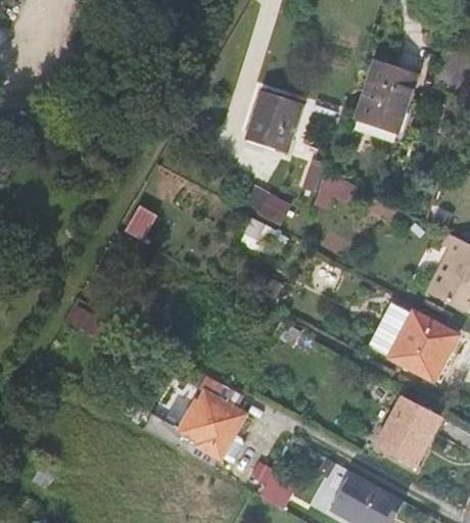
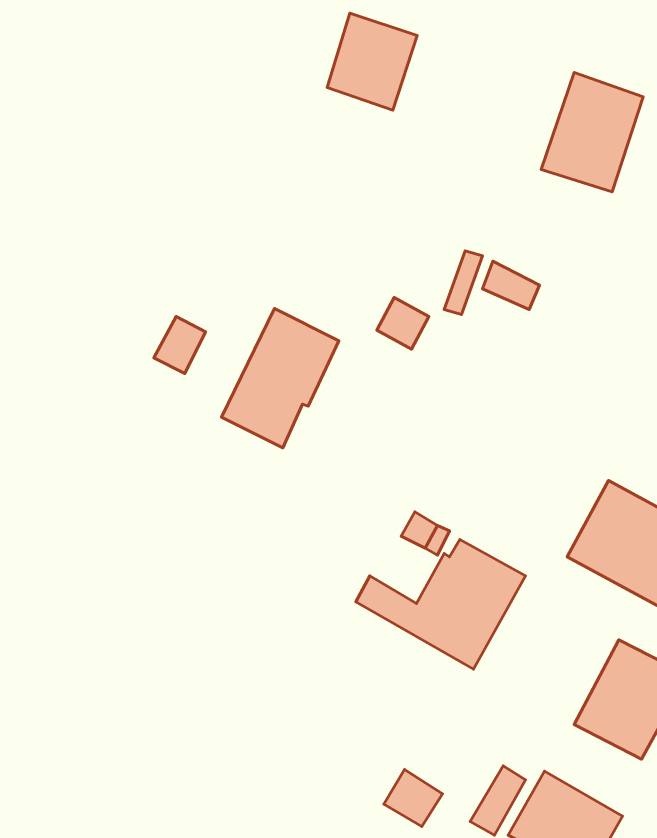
building: [248,92,301,149] -> [327,13,417,110]
building: none -> [222,309,339,448]
building: [144,391,244,468] -> [356,540,525,669]

